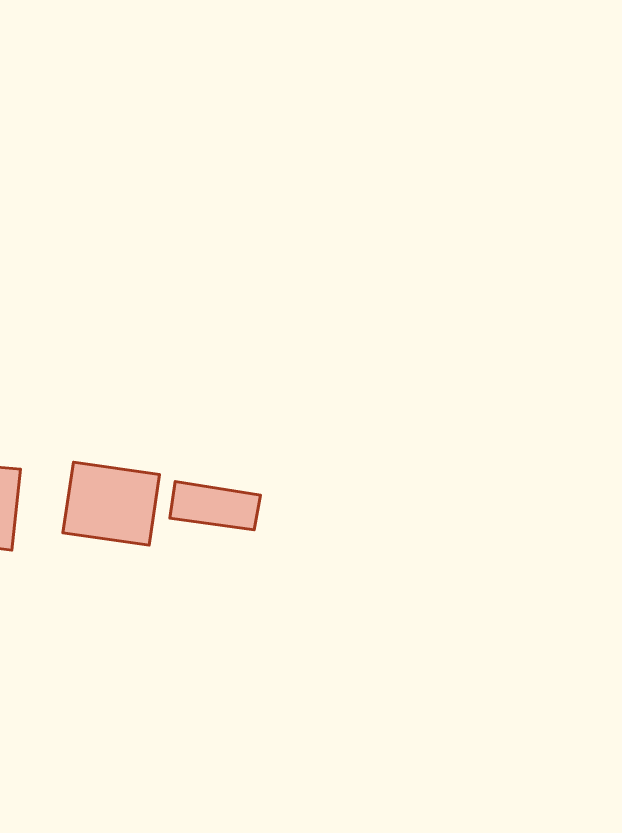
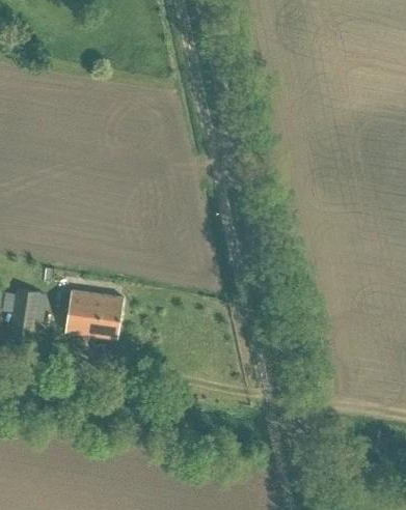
building: [170,481,261,530] -> none

